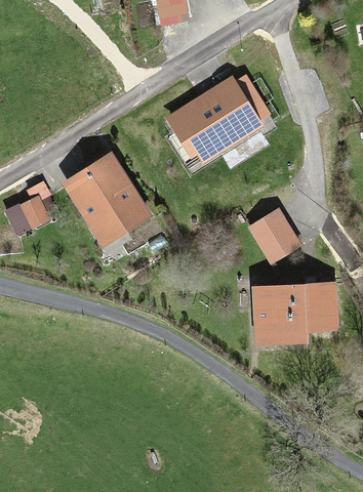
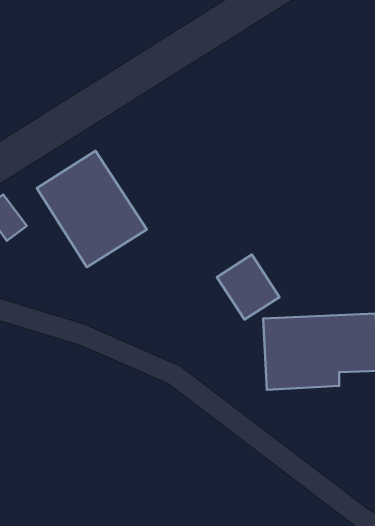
building: [163,64,260,155] -> none
building: [251,209,302,262] -> [217,255,279,320]

